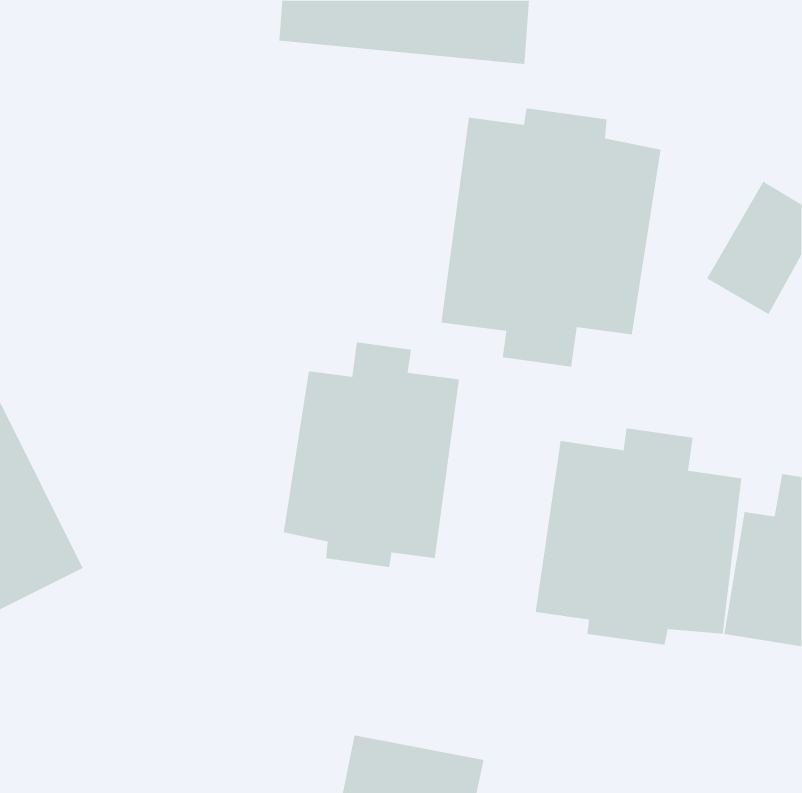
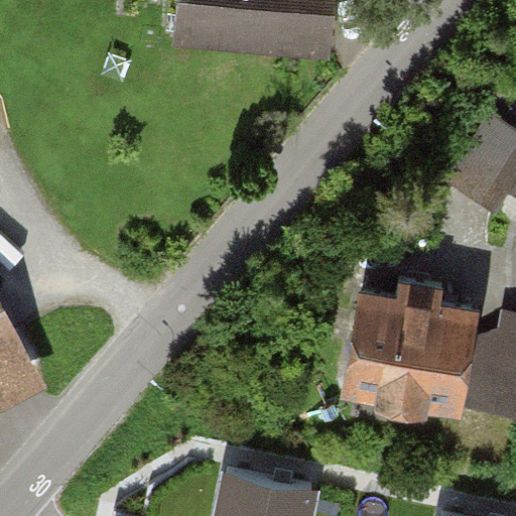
building: [441,107,661,368] -> none
building: [283,341,460,568] -> none

